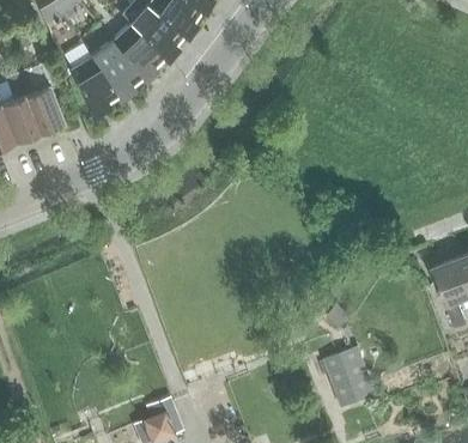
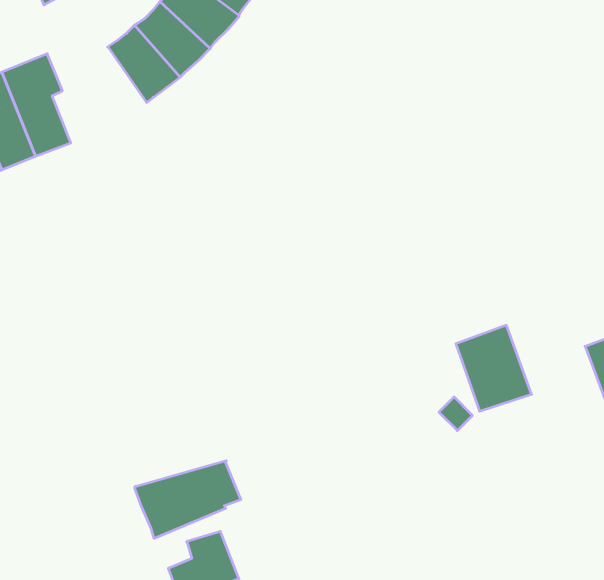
building: [69,55,118,111] -> none
building: [322,346,376,407] -> [456,325,532,411]
building: none -> [135,461,241,538]

